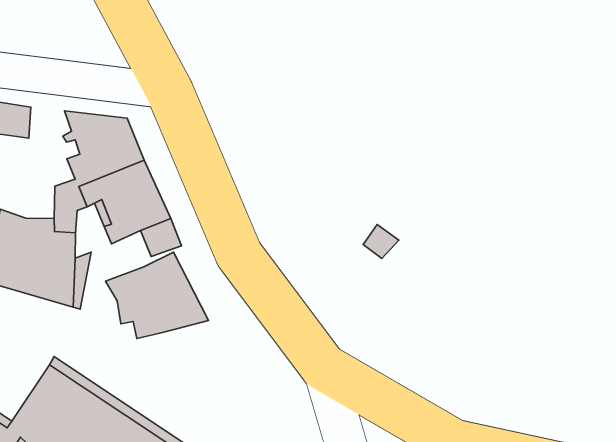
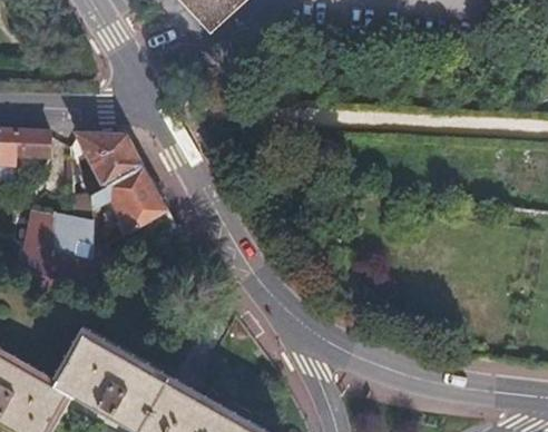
building: [106,252,209,338] -> none

